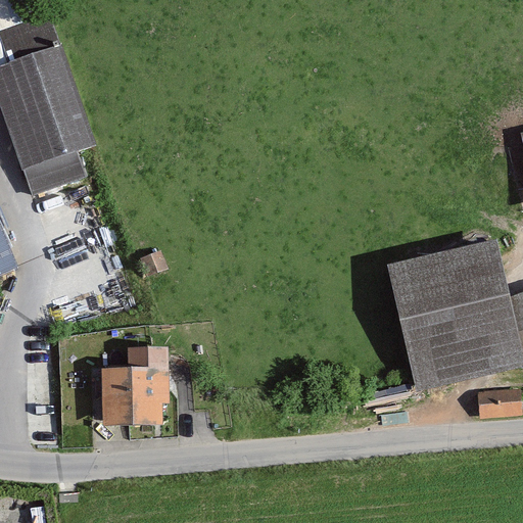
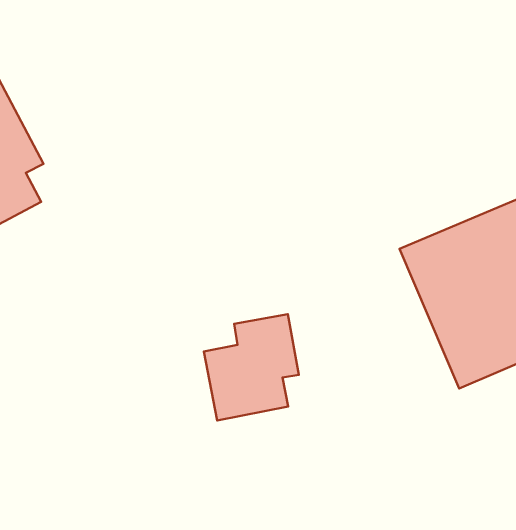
building: [99,345,177,426] -> [204,314,299,420]

